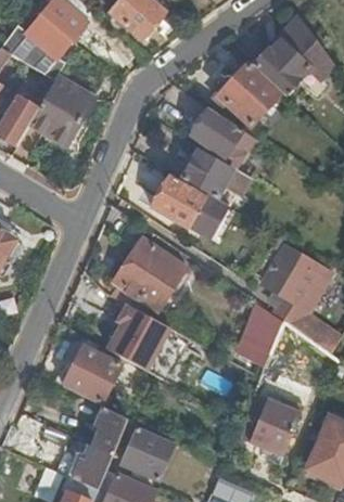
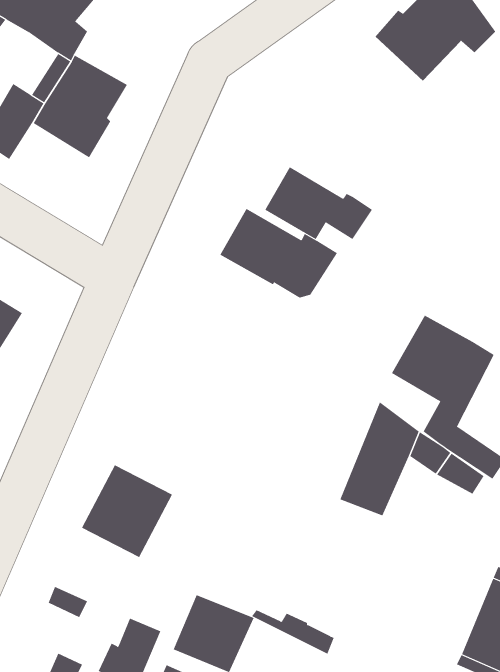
building: [218,65,279,125] -> none
building: [190,108,257,169] -> none
building: [117,242,190,314] -> none
building: [106,305,168,371] -> none
building: [247,398,303,455] -> none
building: [92,407,127,452] -> none

